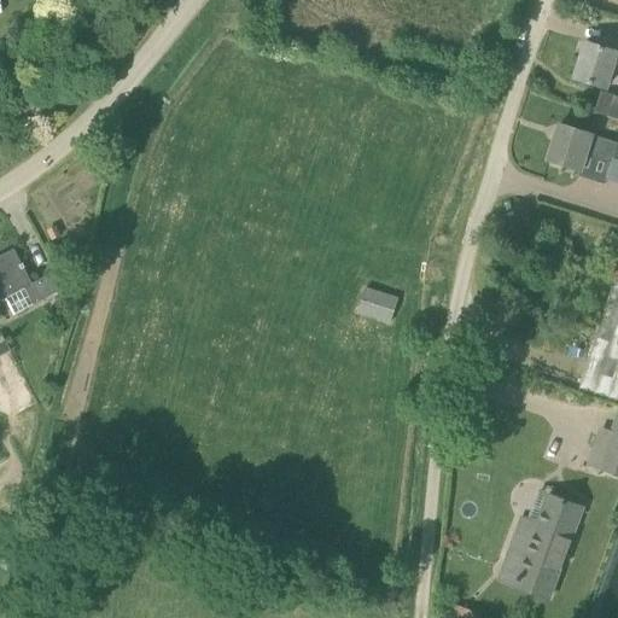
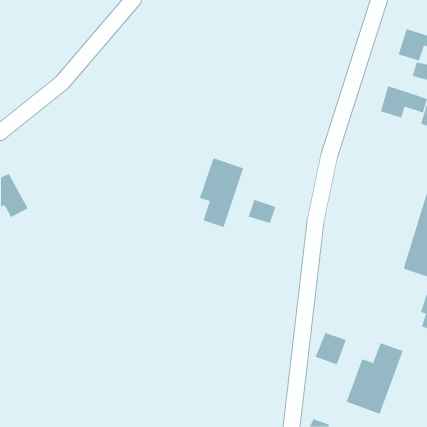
building: none -> [199,157,244,228]
building: none -> [315,332,347,365]

